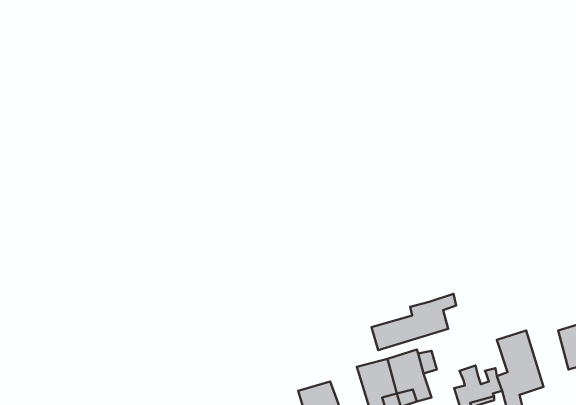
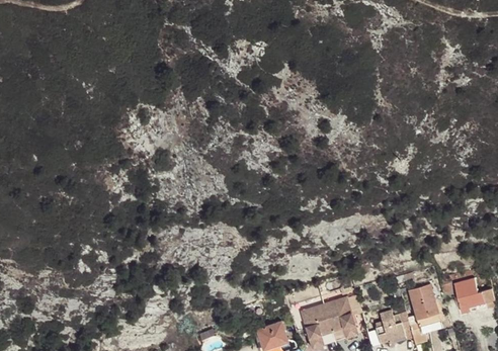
building: [372,294,456,350] -> none

